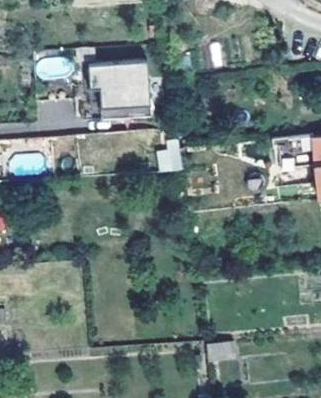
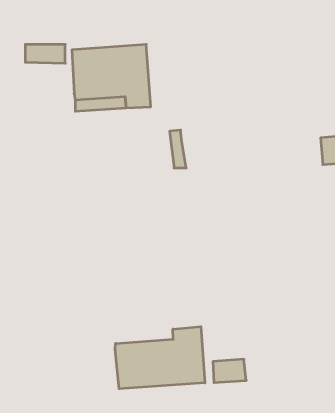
building: none -> [115,327,205,389]

